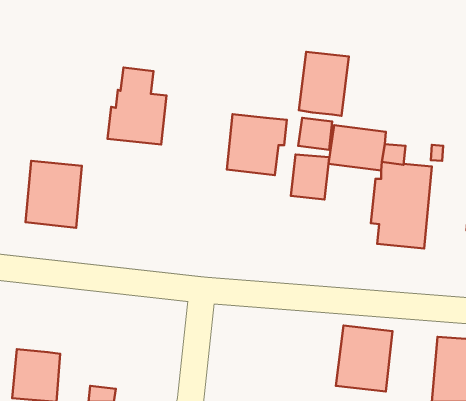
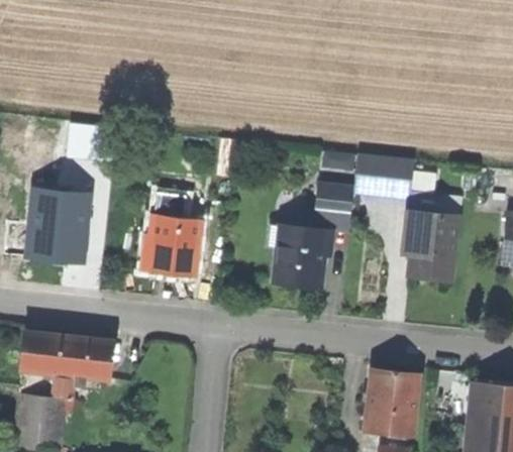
building: [299,52,349,116] -> none
building: [107,67,167,145] -> [139,195,203,277]
building: [227,114,287,175] -> [271,225,335,291]
building: none -> [21,331,114,399]

